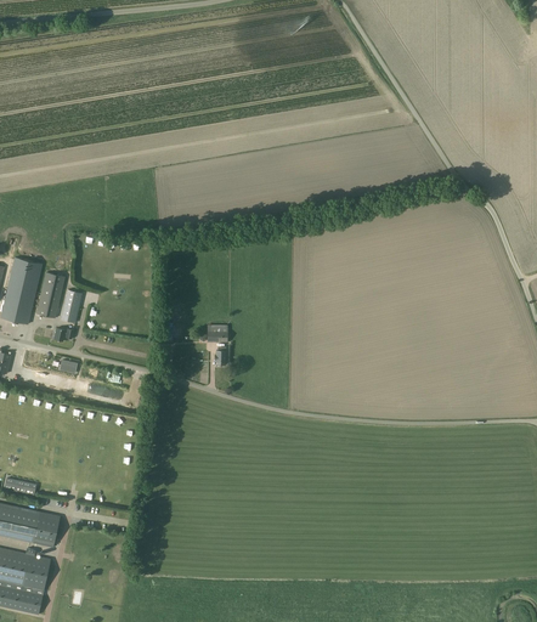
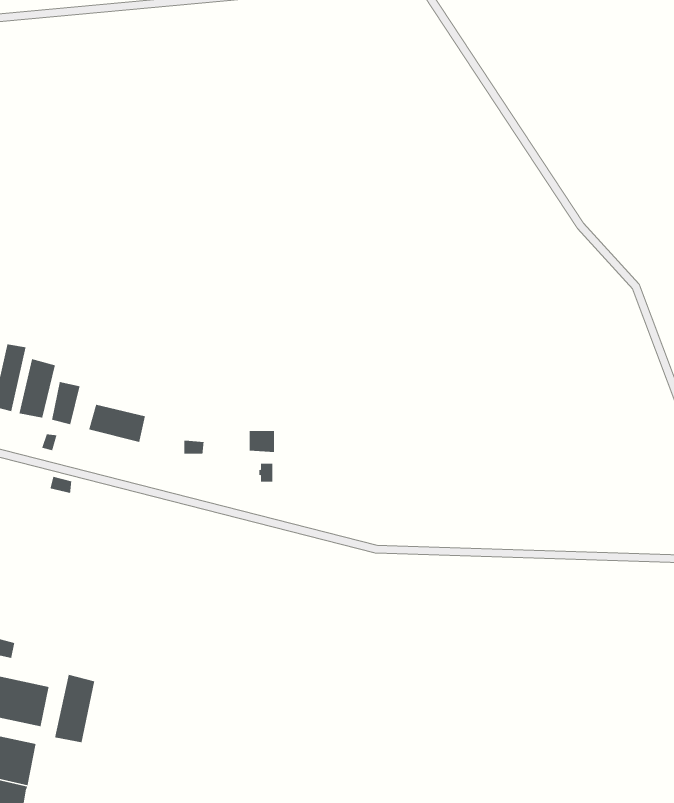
building: none -> [88,404,146,443]
building: none -> [54,674,95,743]

